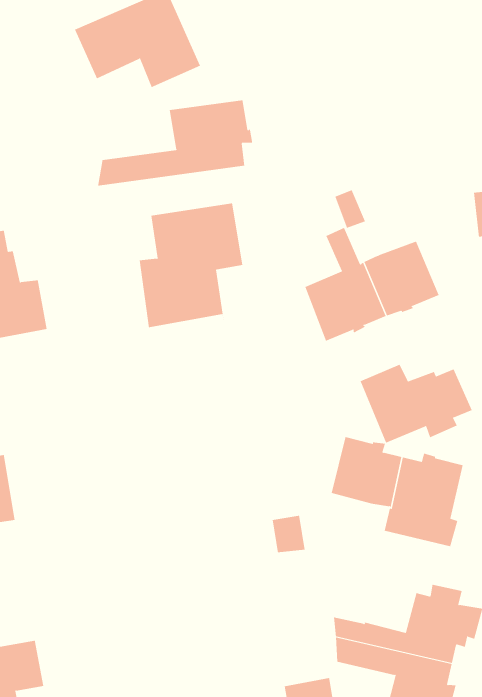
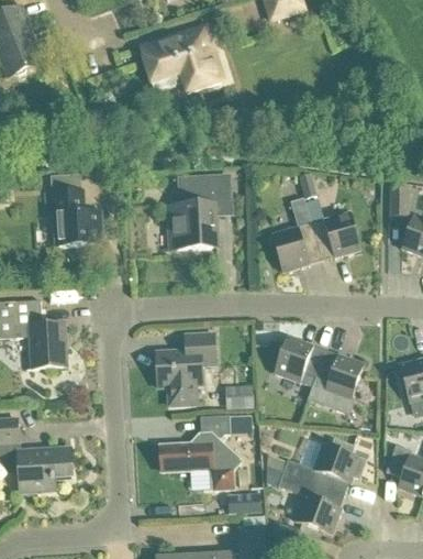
building: [97,99,253,186] -> none
building: [360,364,473,444] -> none
building: none -> [156,332,216,405]
building: none -> [162,415,240,489]

